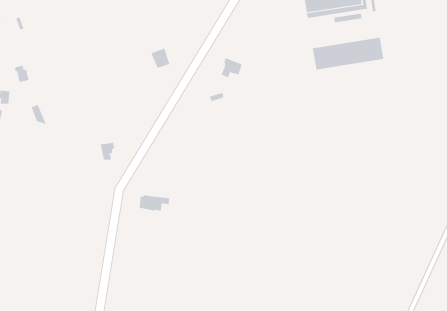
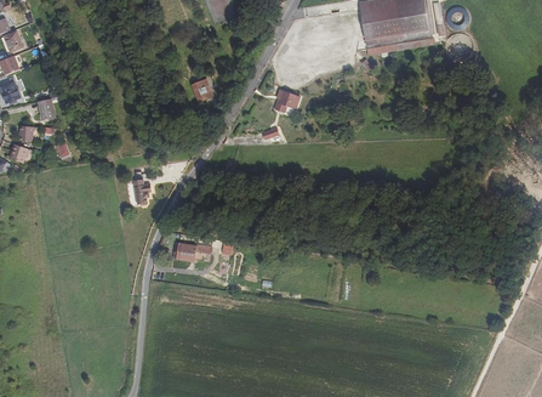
building: [312,37,384,71] -> none

